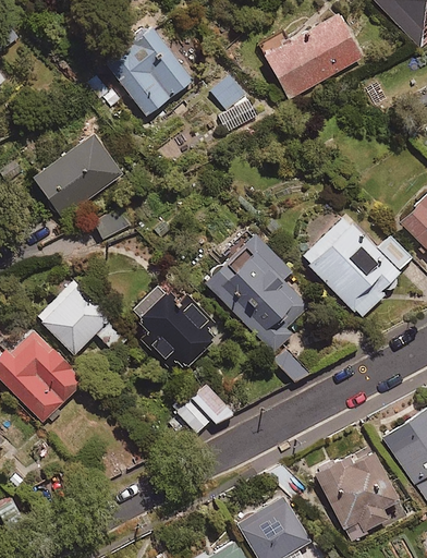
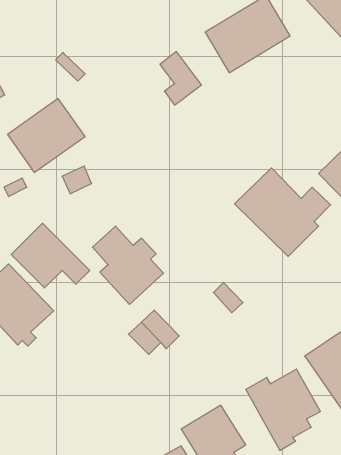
building: [103,27,198,125] -> none
building: [202,225,309,354] -> none

